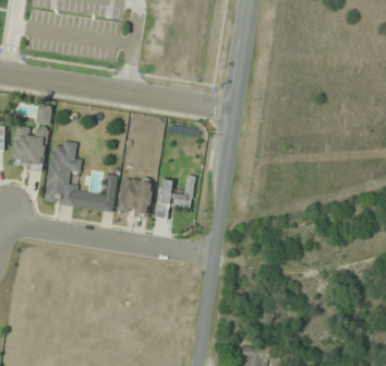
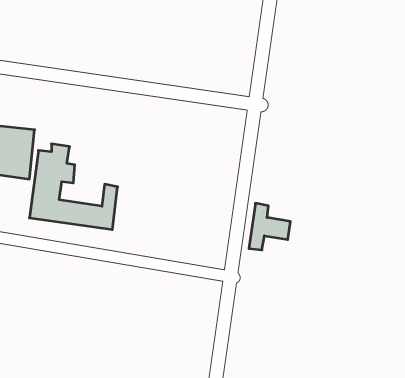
building: [117,177,152,215] -> none
building: [155,178,190,217] -> [249,203,290,250]

